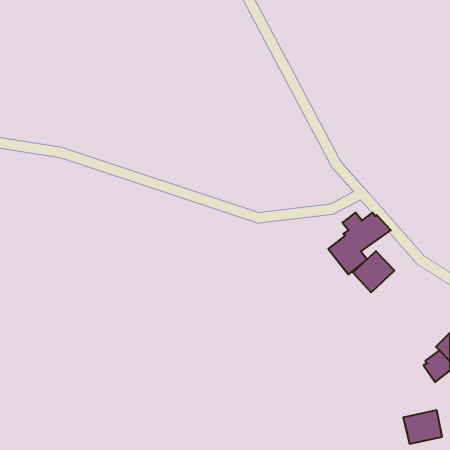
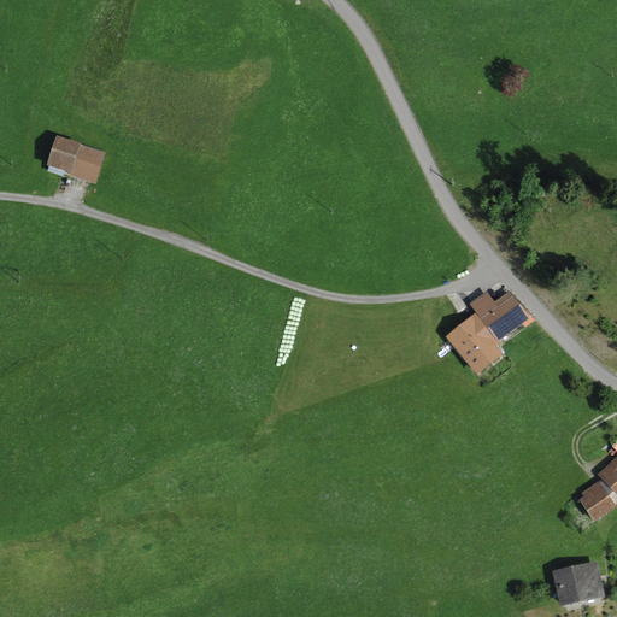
building: none -> [46,135,106,183]
building: [353,251,394,292] -> none

